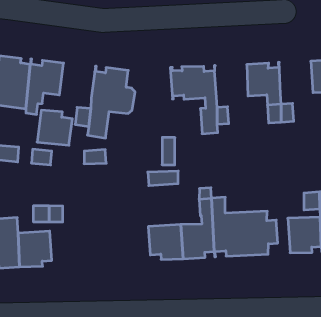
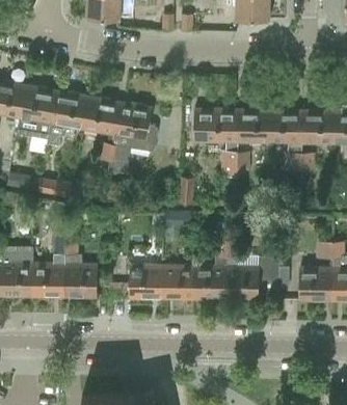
building: none -> [300,111,332,143]
building: none -> [237,110,269,142]
building: [37,110,72,145] -> [82,98,118,134]
building: none -> [129,264,161,298]
building: none -> [63,263,97,297]

